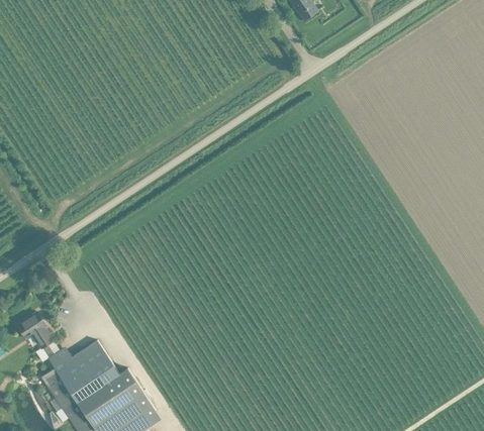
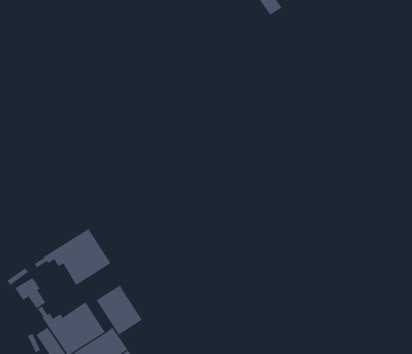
building: none -> [34,228,111,286]
building: none -> [96,284,143,336]

